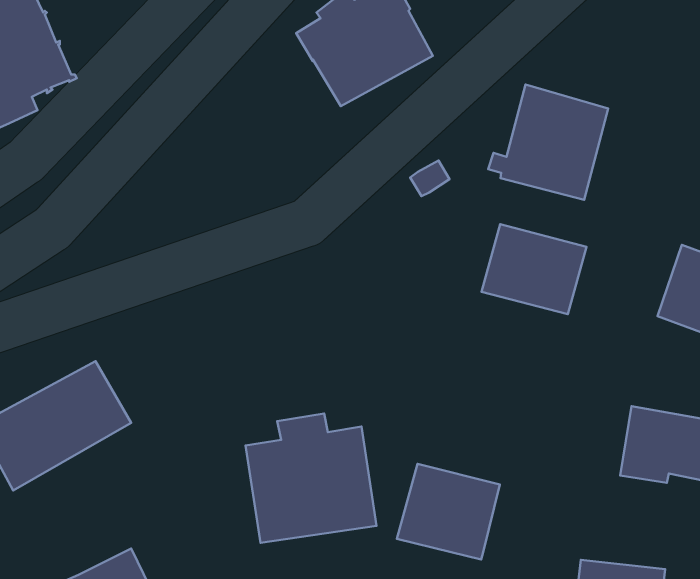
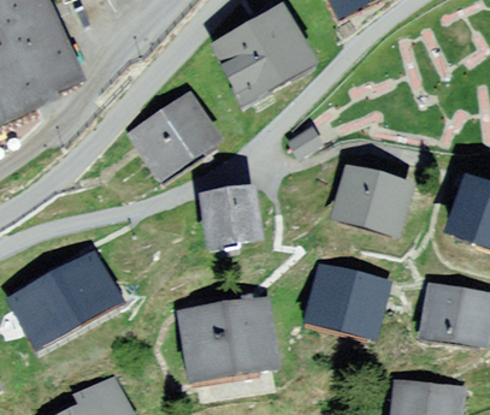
building: [488,85,608,200] -> none
building: none -> [134,101,218,168]
building: none -> [205,195,256,244]
building: [397,464,500,559] -> [315,271,382,332]

